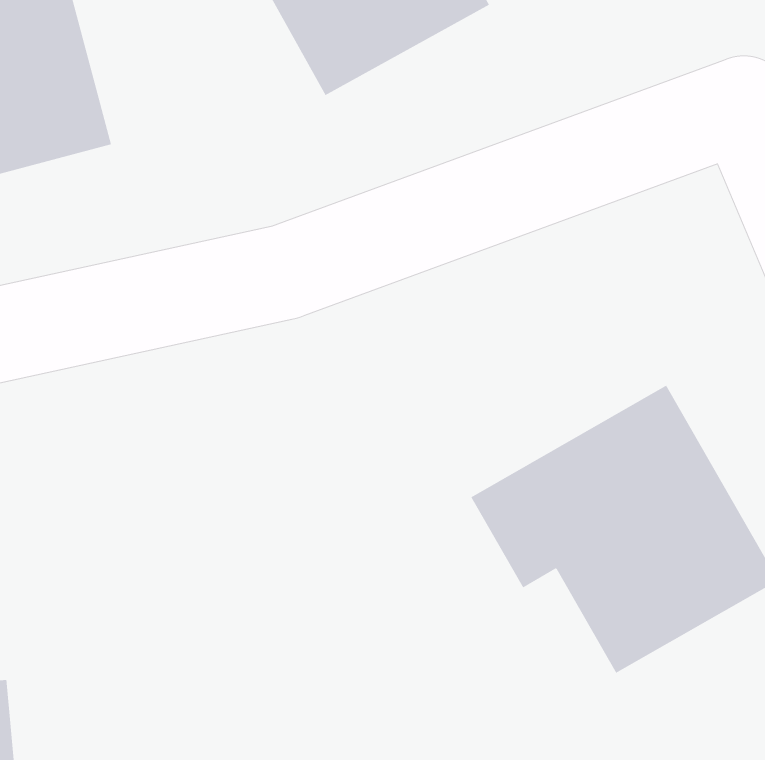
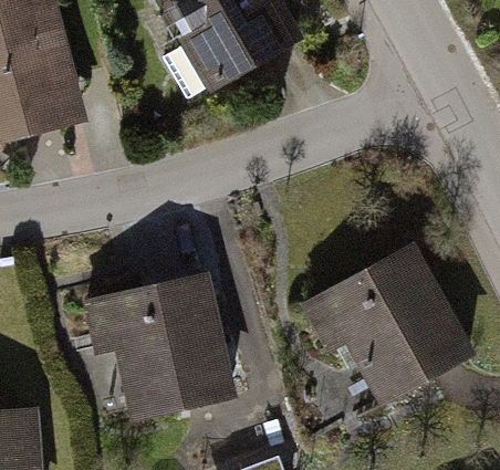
building: none -> [81,275,231,421]

